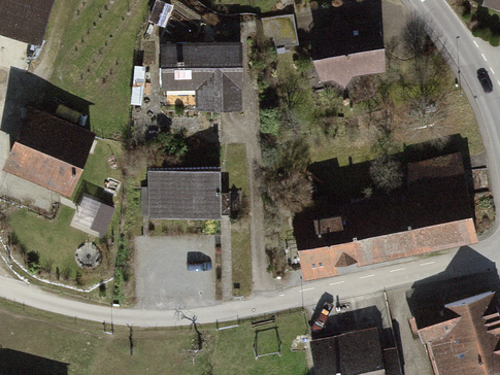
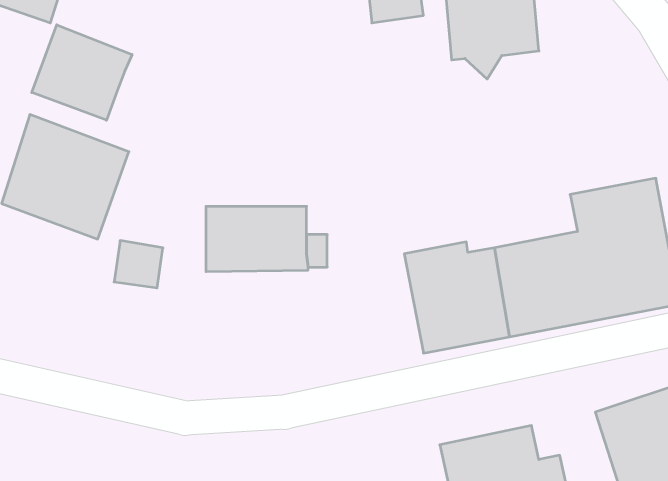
building: [161,42,240,109] -> none
building: none -> [32,25,132,120]

